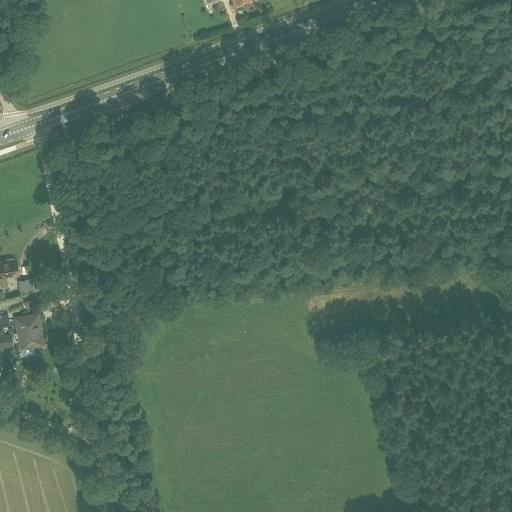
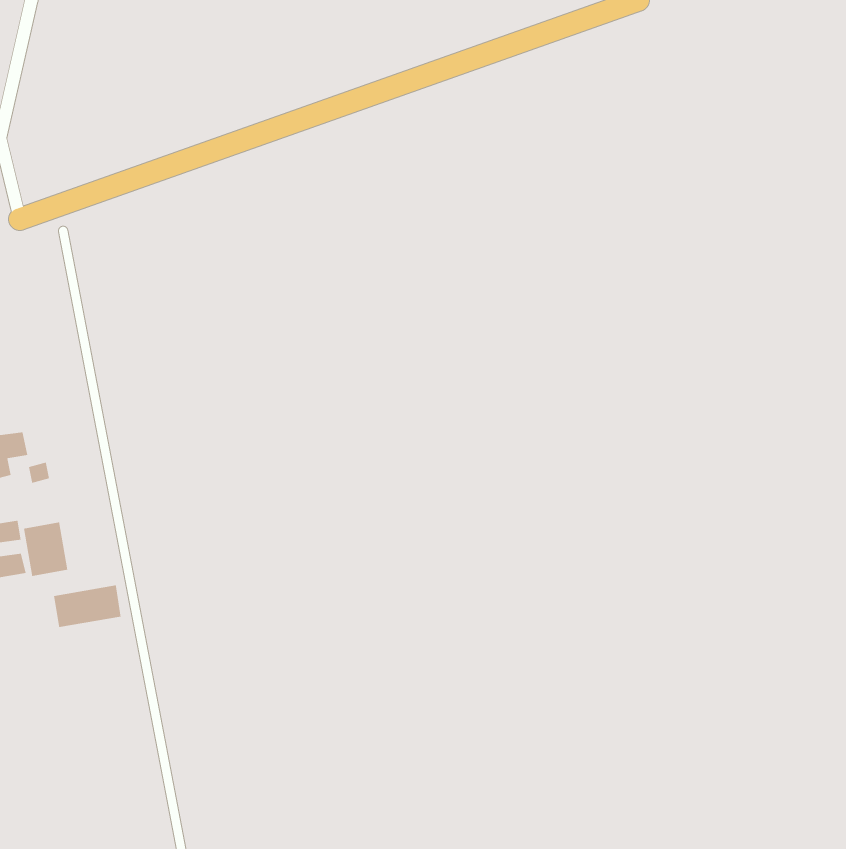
building: none -> [54,585,121,628]

